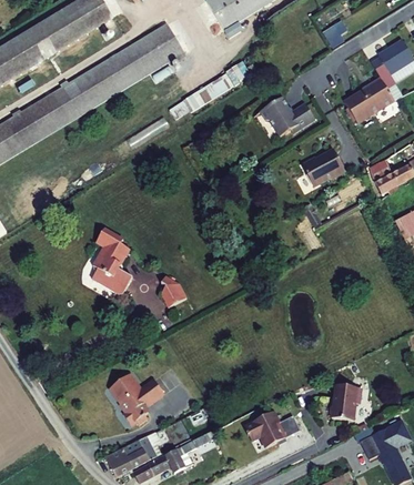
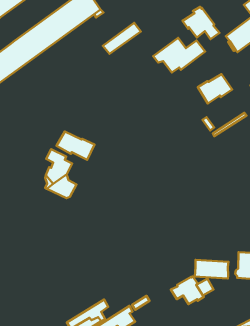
building: none -> [183,7,220,39]
building: none -> [56,132,95,160]
building: [161,275,186,306] -> none
building: [112,373,164,423] -> none
building: none -> [194,260,228,278]

